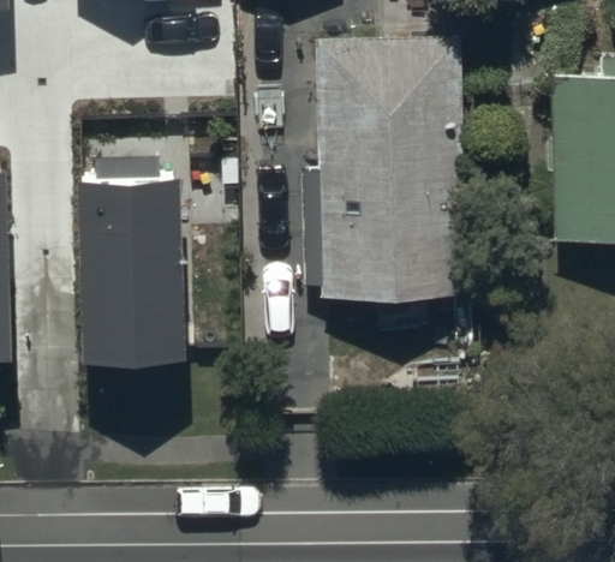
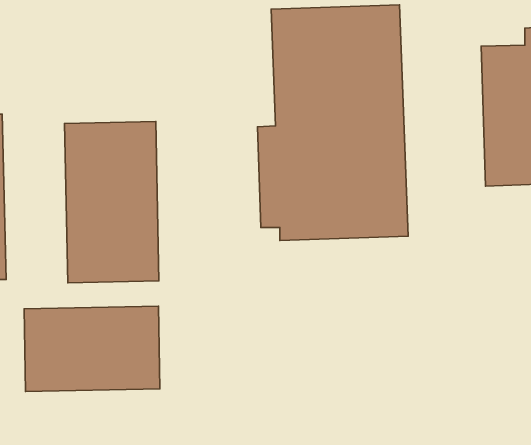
building: none -> [24,306,160,391]

